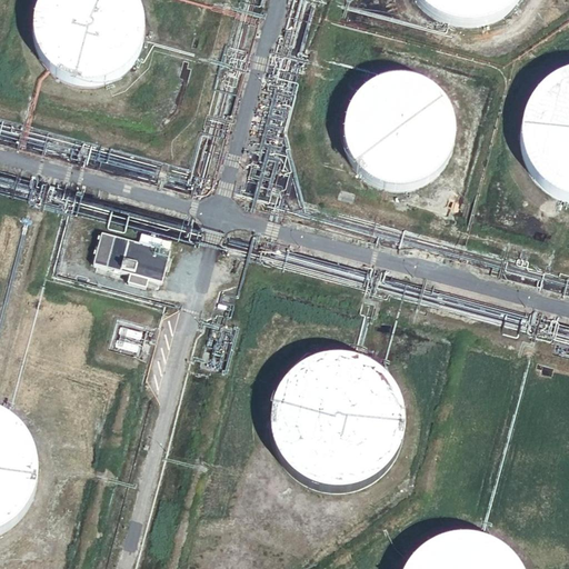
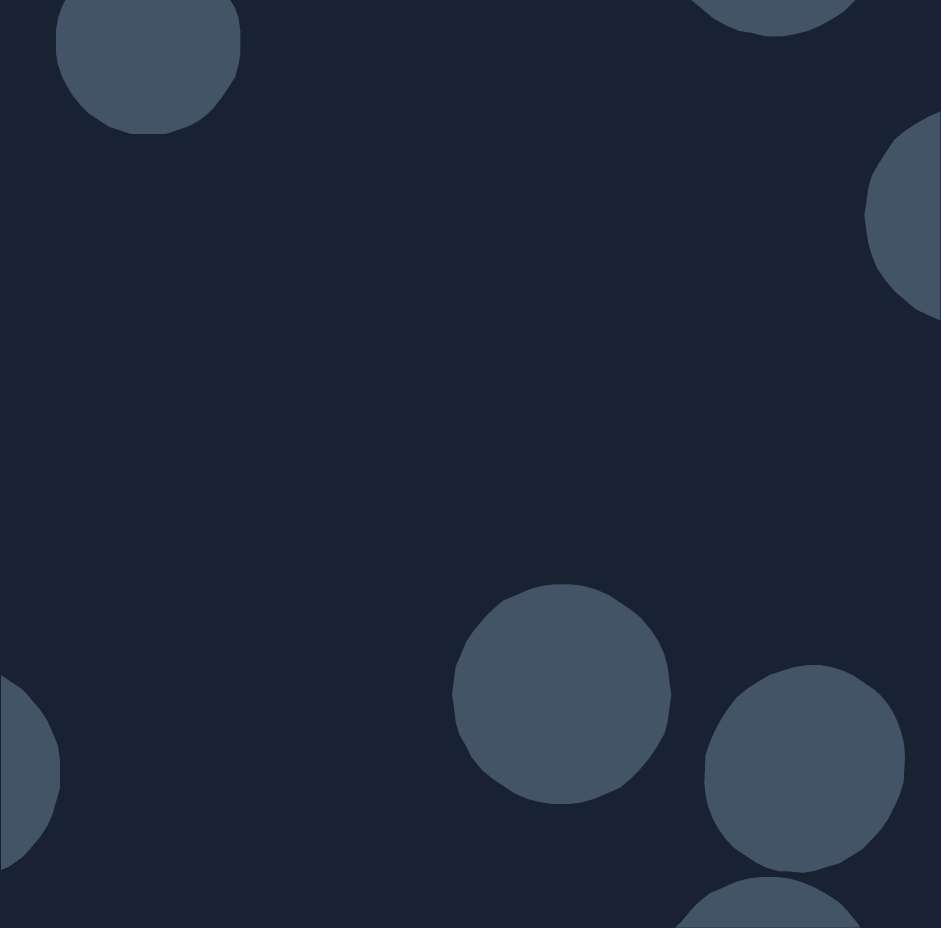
building: [340,72,453,186] -> none
building: [93,228,170,282] -> none
building: none -> [704,664,905,873]

